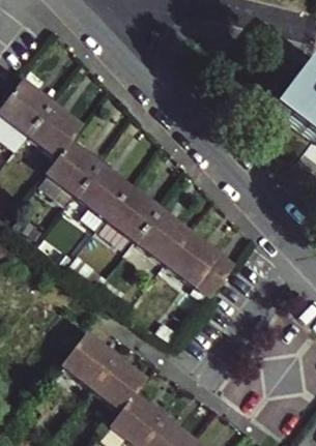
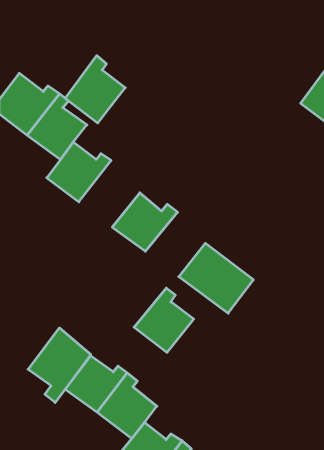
building: none -> [65,56,125,123]
building: [76,158,131,218] -> none
building: [136,205,190,263] -> [134,288,194,352]
building: none -> [28,328,91,403]

